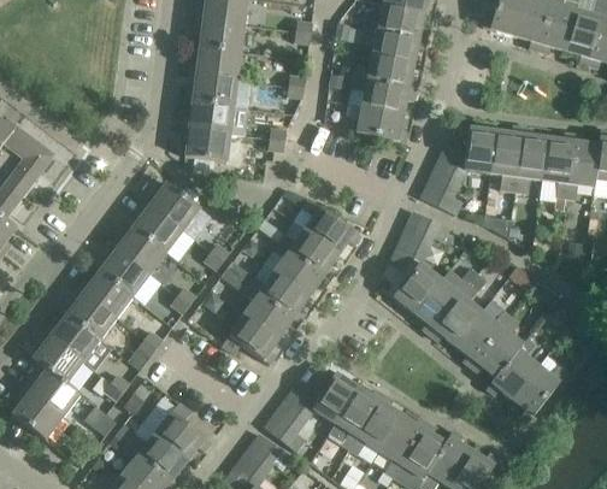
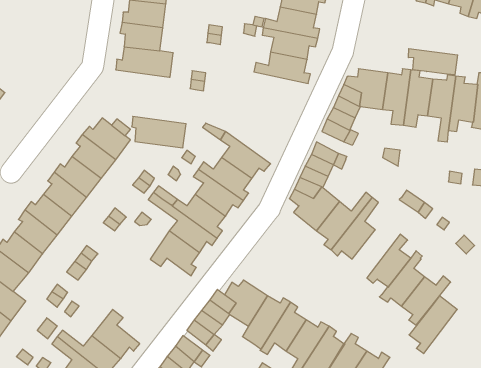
building: none -> [408,49,458,75]
building: [182,126,244,163] -> [132,116,186,148]
building: [455,300,511,366] -> [409,296,457,354]

